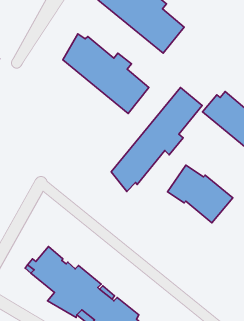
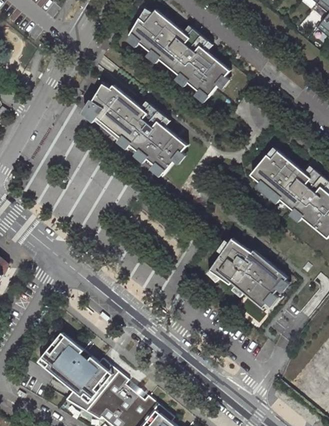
building: [111,87,202,192] -> none

